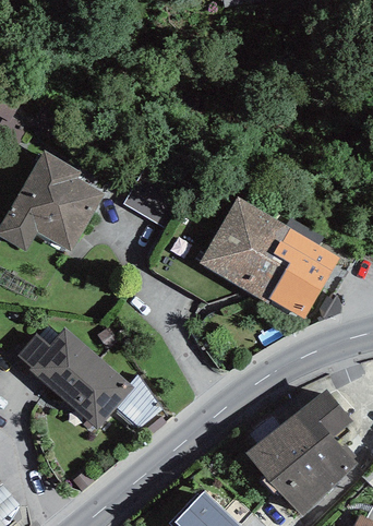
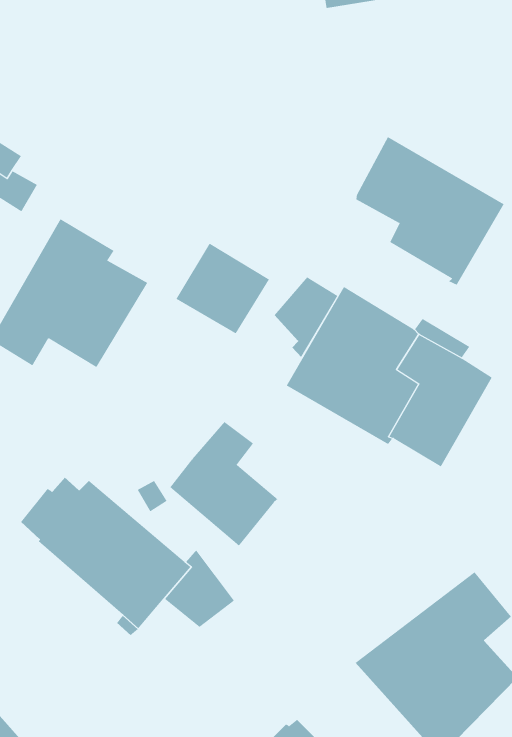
building: none -> [356,136,504,286]
building: none -> [274,277,338,358]
building: none -> [170,421,279,546]

